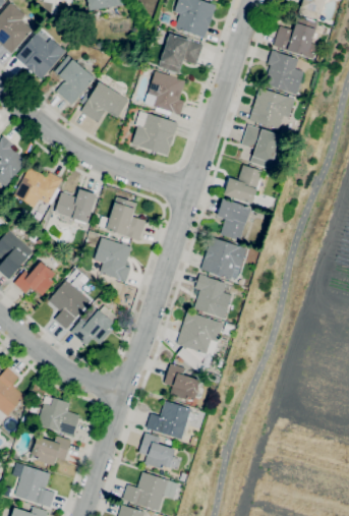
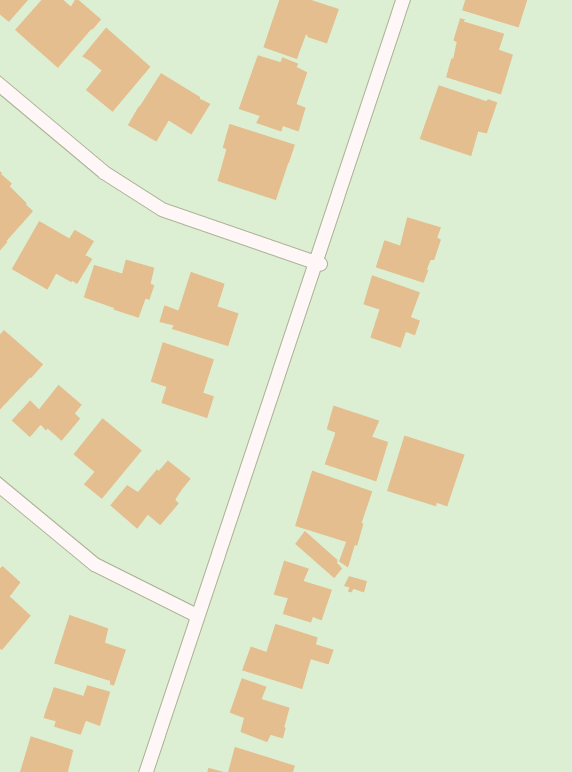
building: [241,124,281,169] -> none
building: [201,237,247,279] -> [386,435,465,507]

